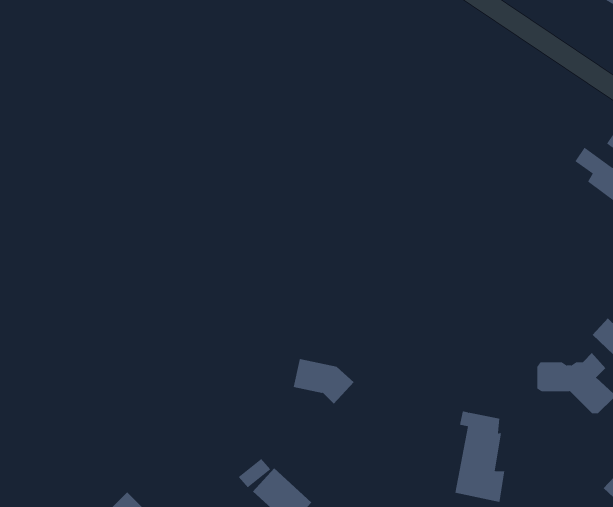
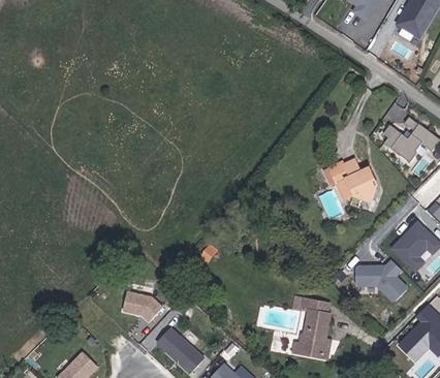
building: none -> [327,157,382,200]
building: [293,359,354,404] -> [127,291,167,321]

